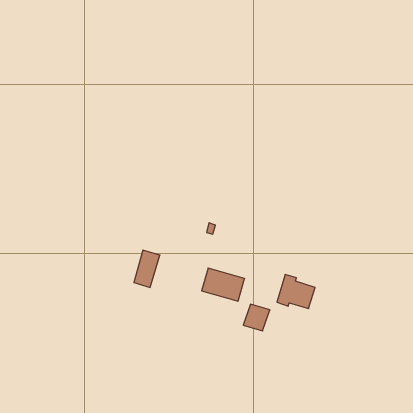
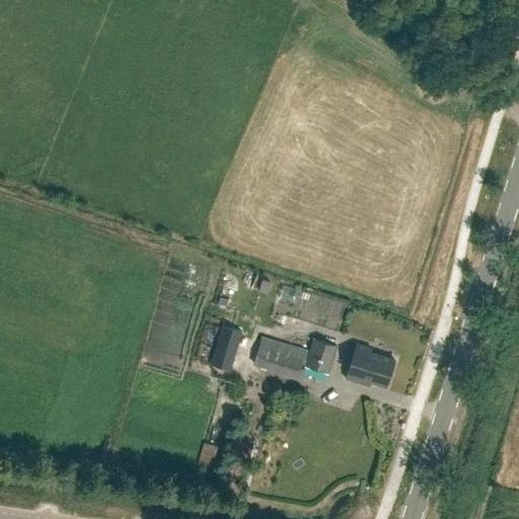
building: [134,250,160,287] -> [211,325,243,372]
building: [243,304,270,331] -> [305,340,339,373]

